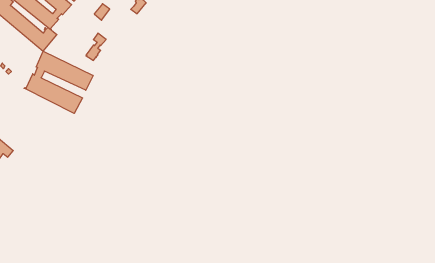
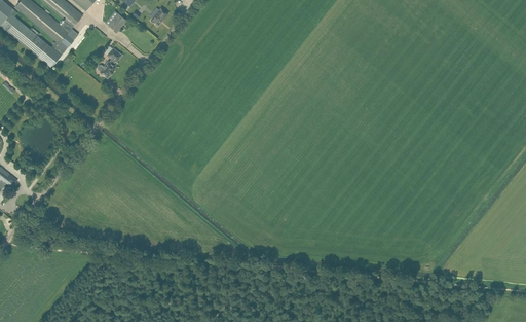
building: [24,51,93,113] -> none

